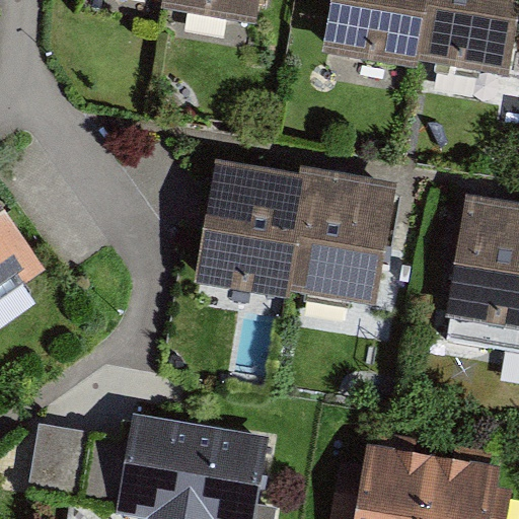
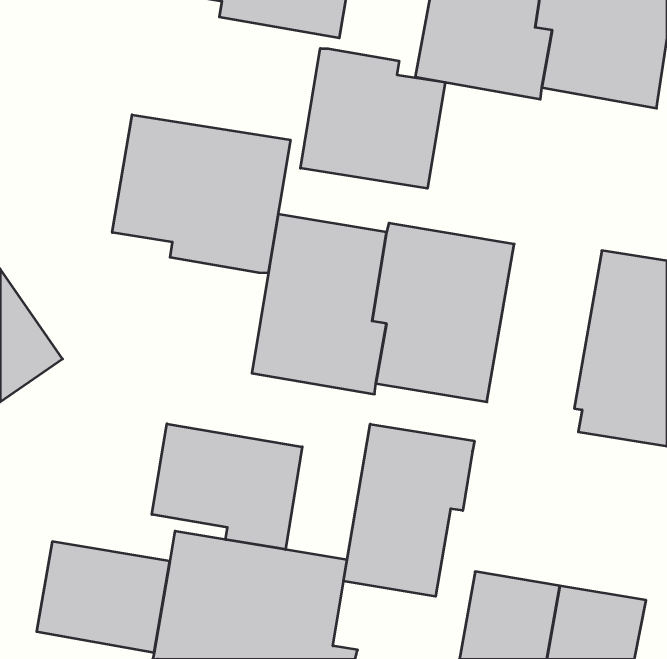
building: none -> [300,48,445,188]
building: none -> [112,115,290,273]
building: none -> [152,424,302,550]
building: none -> [344,424,474,596]

